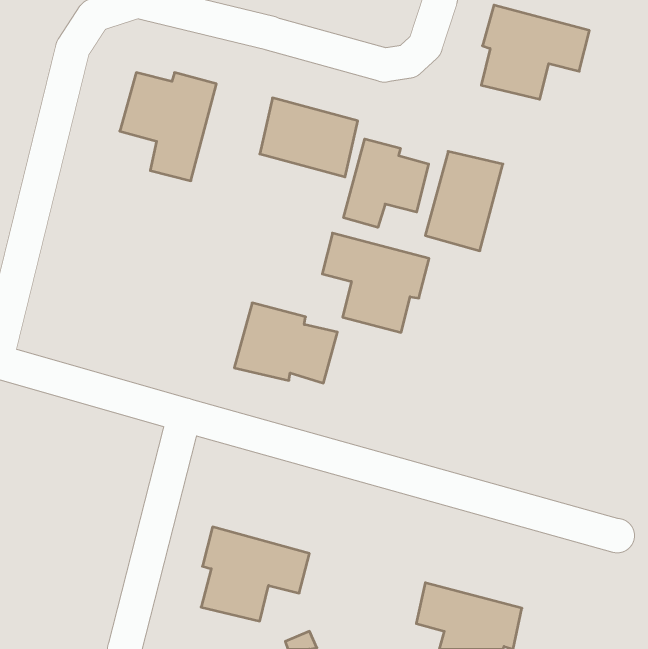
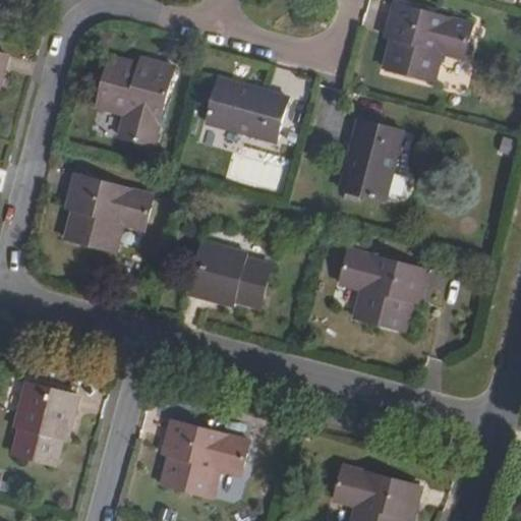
building: [344,139,429,227] -> none
building: none -> [64,176,152,250]
building: [322,233,429,332] -> [340,250,425,330]
building: none -> [11,383,75,463]

